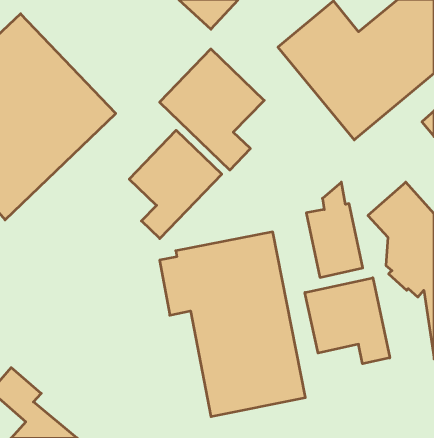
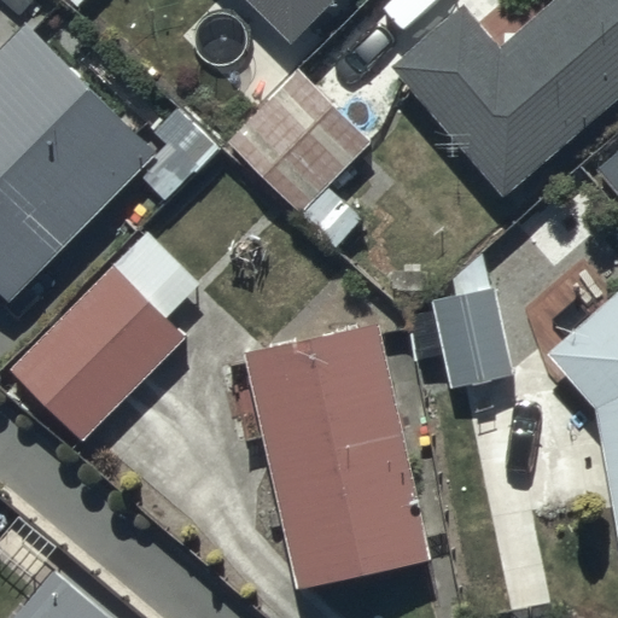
building: [129,130,222,239] -> none
building: none -> [7,231,203,442]
building: [305,278,390,364] -> none

